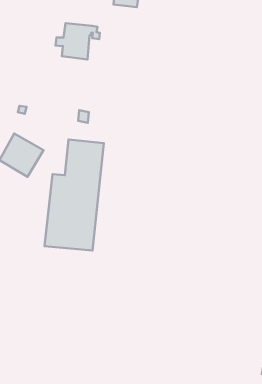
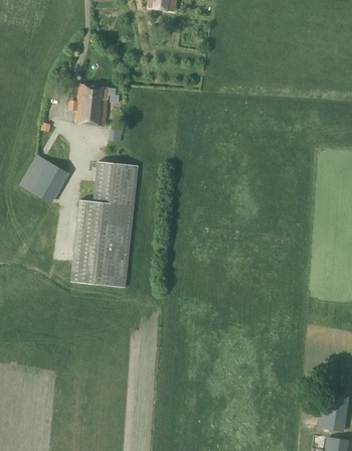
building: [56,23,100,60] -> [68,85,119,126]

